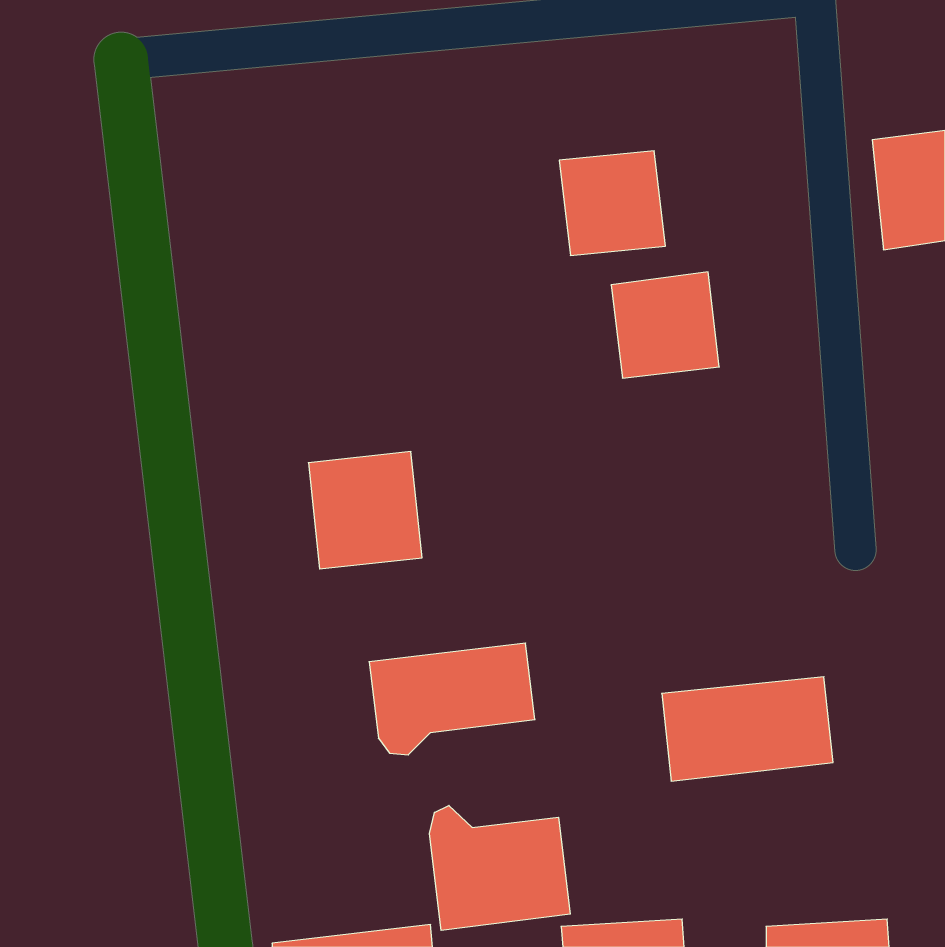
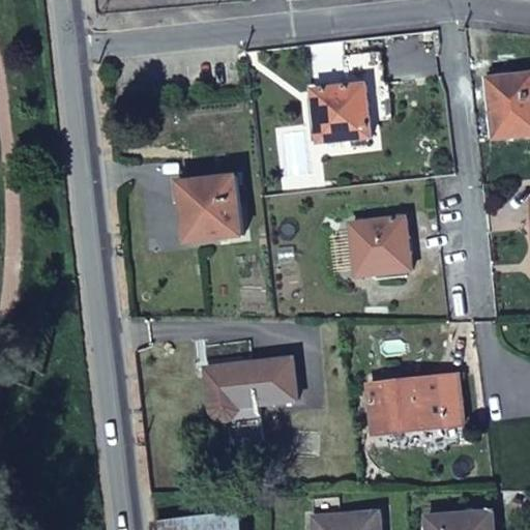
building: [611,272,719,378] -> [349,216,409,275]
building: [308,452,422,569] -> [178,176,241,241]
building: [429,805,570,930] -> none

